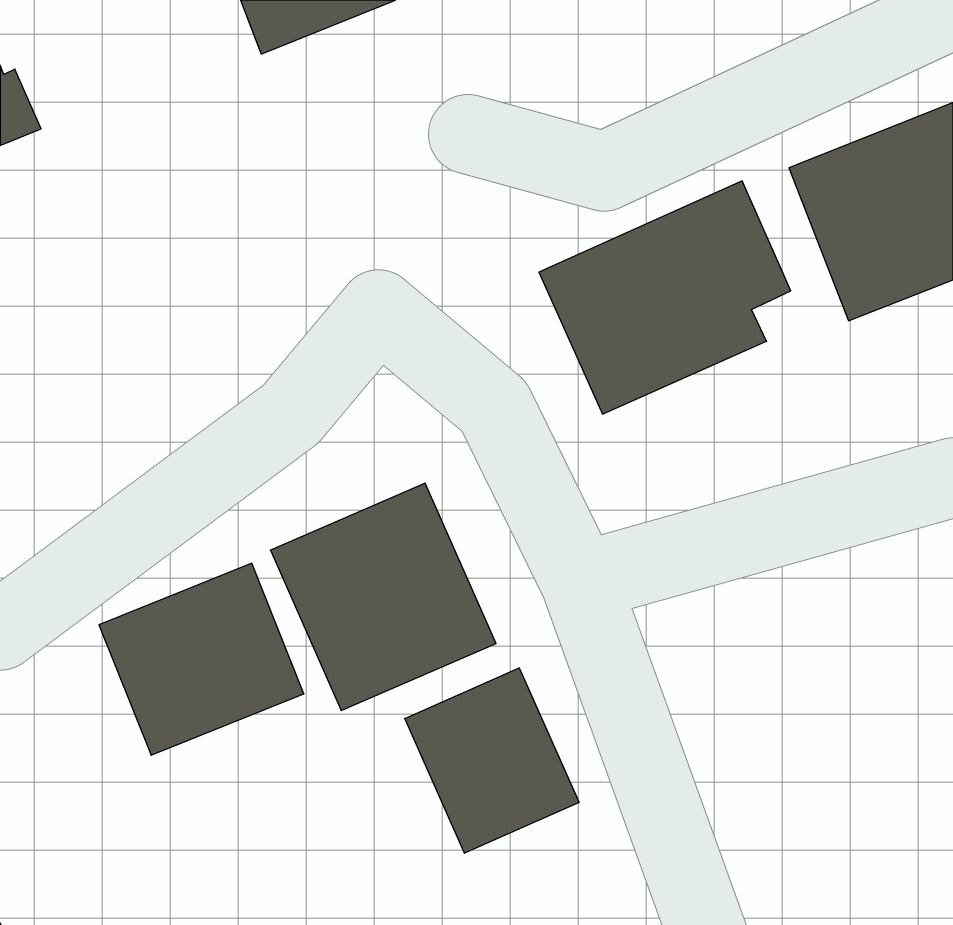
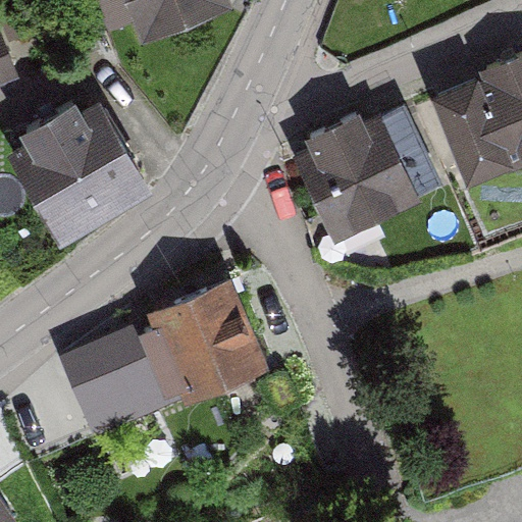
building: none -> [9,101,156,245]
building: [405,668,579,853] -> none

